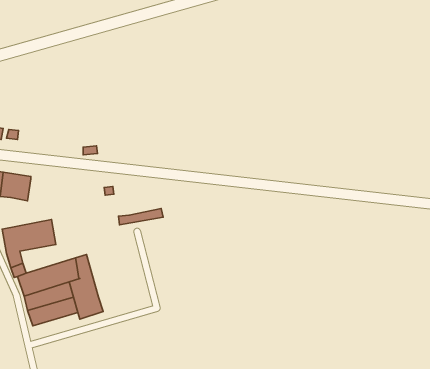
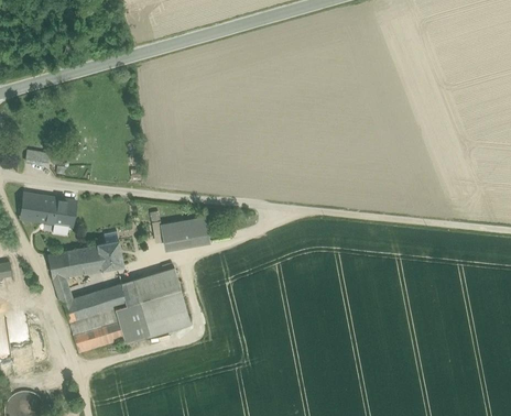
building: none -> [161,218,207,242]
building: none -> [97,232,123,271]
building: none -> [132,269,191,338]

